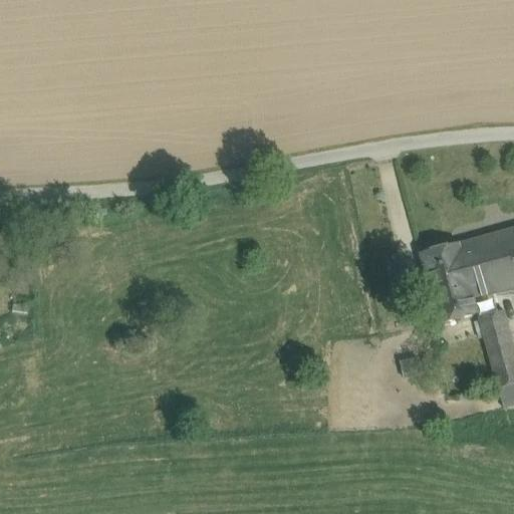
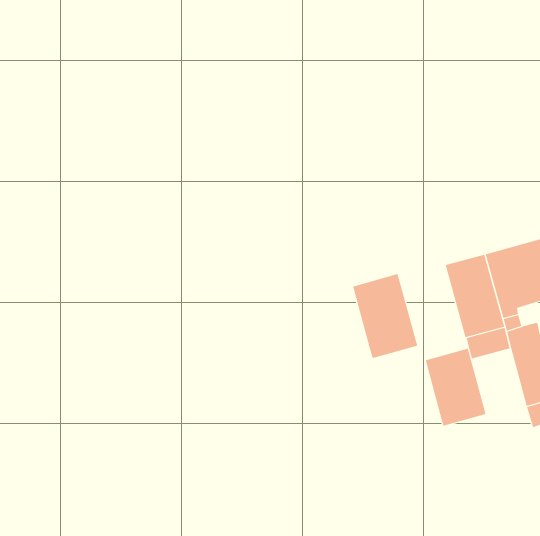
building: none -> [352,273,418,359]
building: none -> [425,348,486,426]

